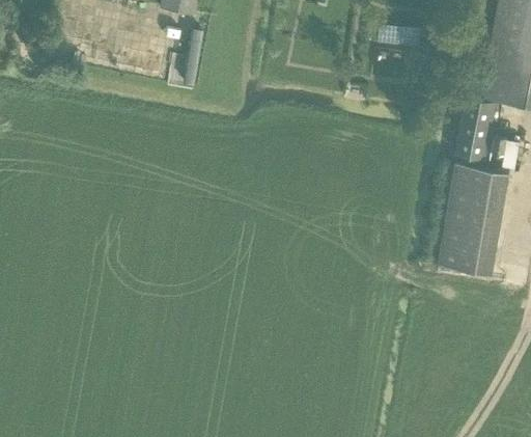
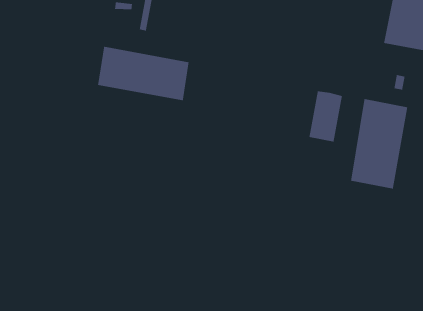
building: [455,99,497,162] -> [309,91,343,143]
building: none -> [97,46,189,101]

